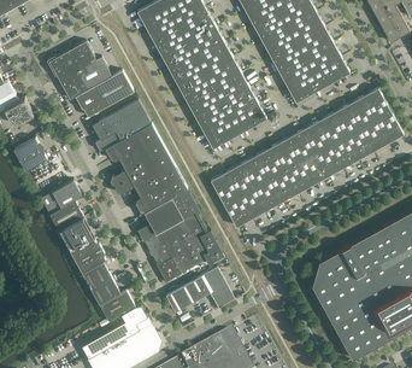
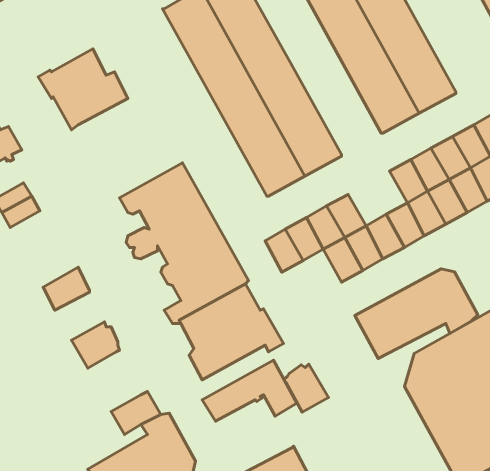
building: [75,70,134,116] -> none
building: [92,99,151,150] -> none
building: [271,129,314,169] -> none
building: [40,180,82,214] -> none
building: [223,186,266,226] -> none
building: none -> [355,269,478,358]
building: [58,217,94,252] -> none
building: [82,261,120,304] -> none
building: none -> [284,364,328,412]

